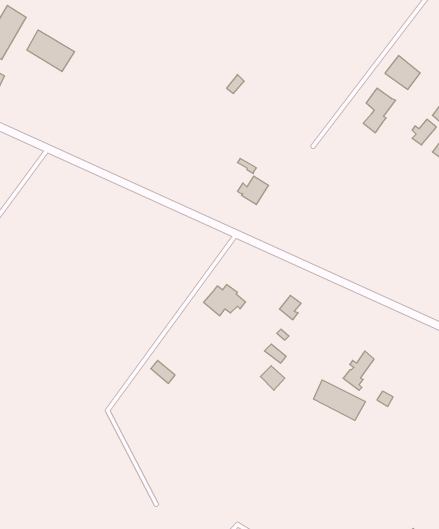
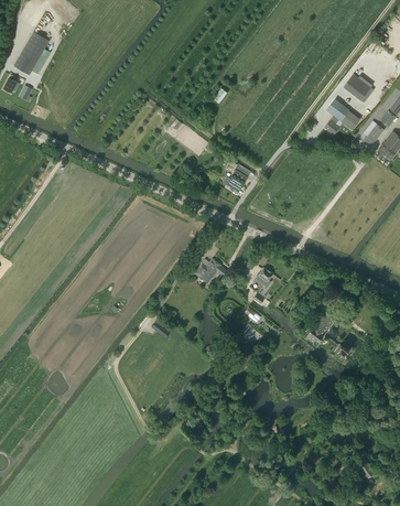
building: [27,30,75,72] -> none
building: [313,380,365,420] -> none

